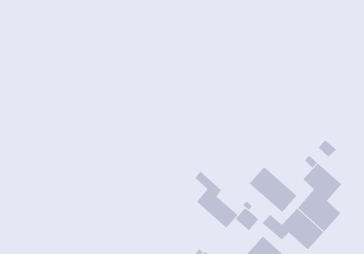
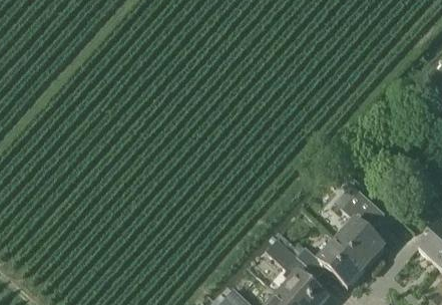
building: [249,166,298,213] -> none
building: [194,171,238,228] -> none

